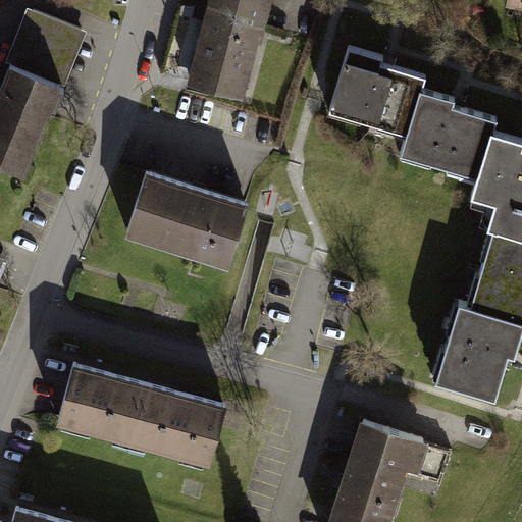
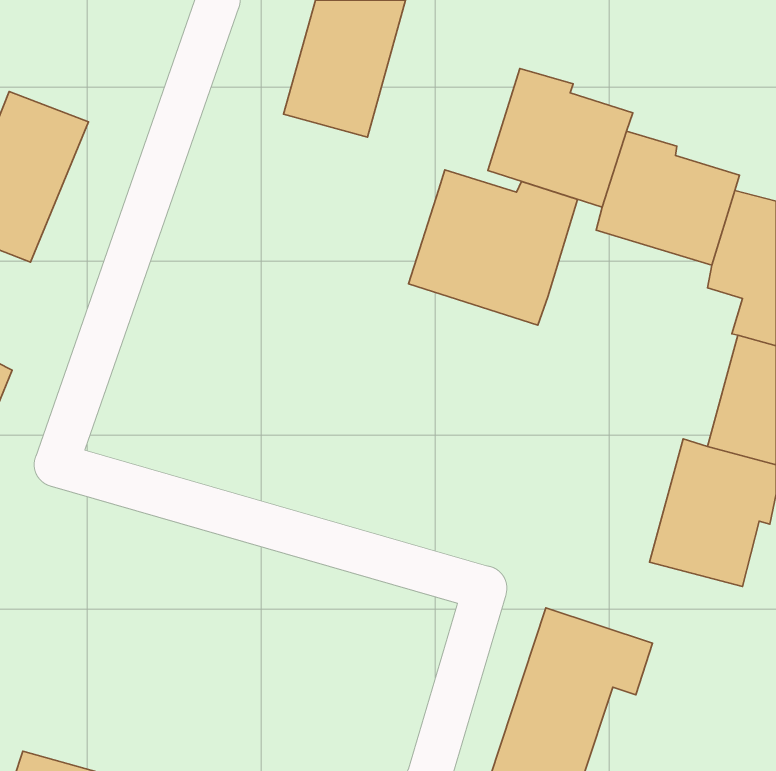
building: [4,11,85,89] -> none
building: none -> [409,170,578,325]
building: [127,170,253,268] -> none
building: [52,360,225,470] -> none

